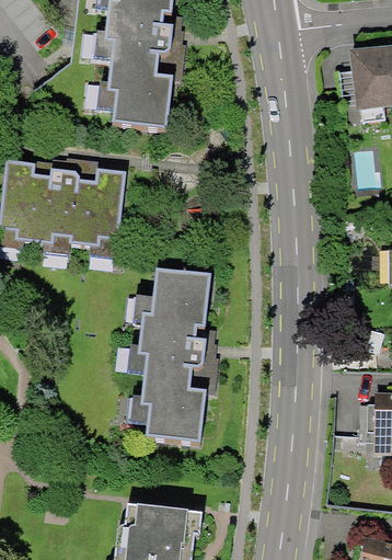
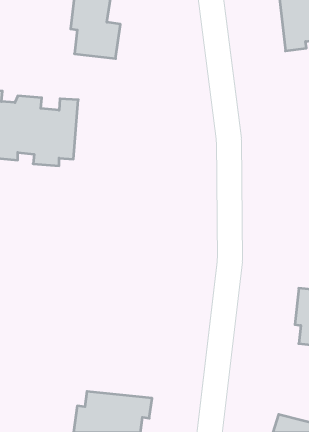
building: [137,268,209,445] -> none

